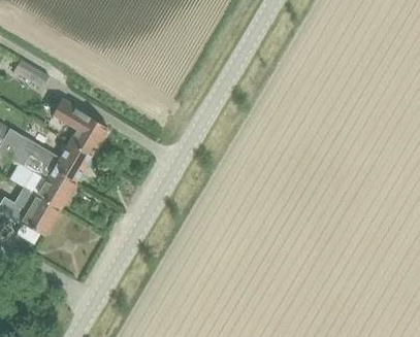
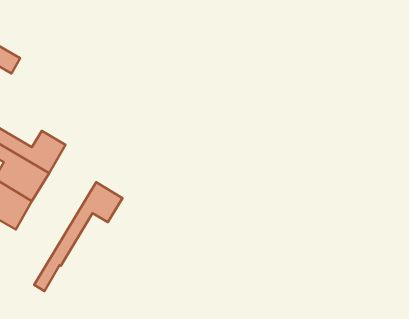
building: [52,99,106,155] -> none
building: none -> [34,182,122,291]

